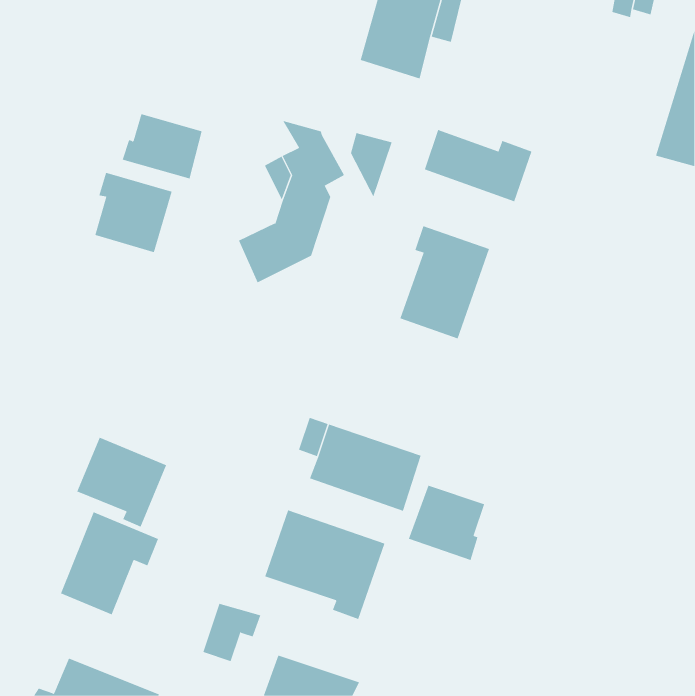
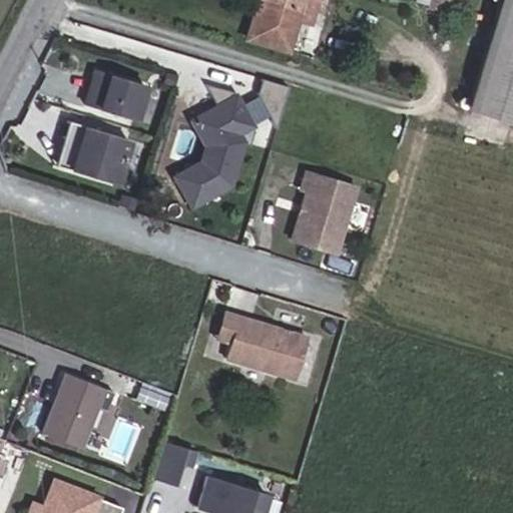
building: [424,129,532,202] -> none
building: [77,437,167,527] -> none
building: [408,485,485,561] -> none
building: [265,509,385,620] -> none

